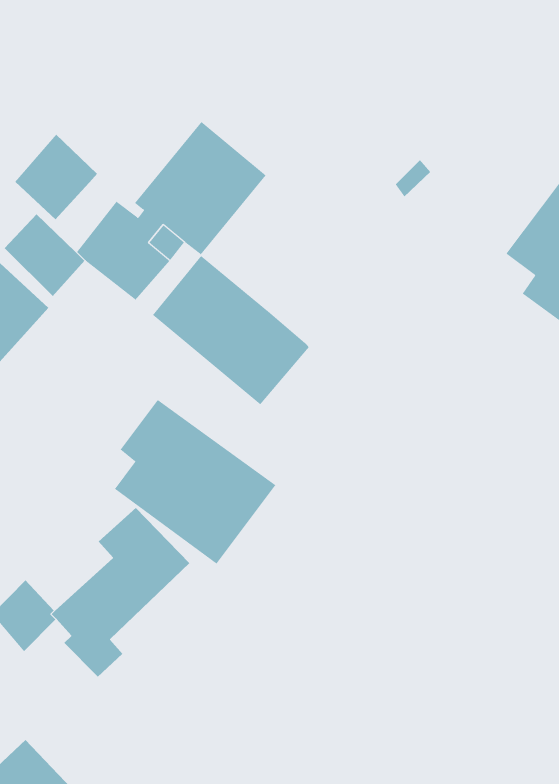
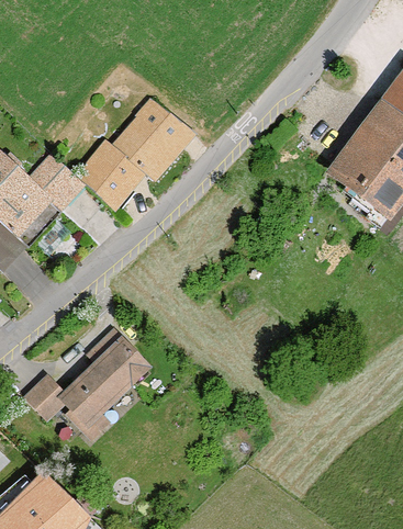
building: [15,134,98,220] -> none
building: [152,255,310,405] -> none
building: [114,399,276,565] -> none

